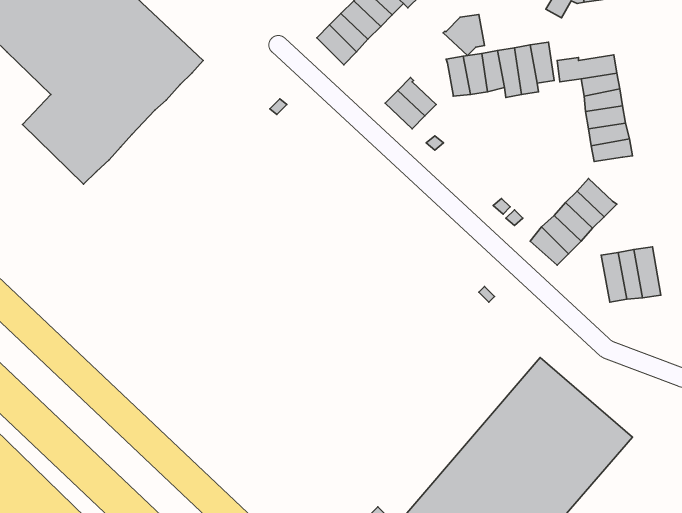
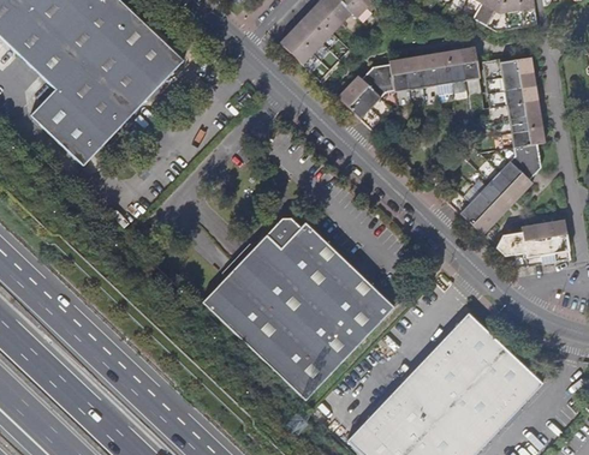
building: [443,14,484,56] -> [359,62,394,97]
building: none -> [508,142,541,179]
building: none -> [202,220,393,399]
building: none -> [494,231,526,267]

